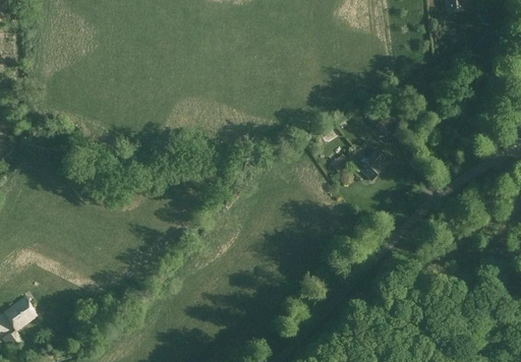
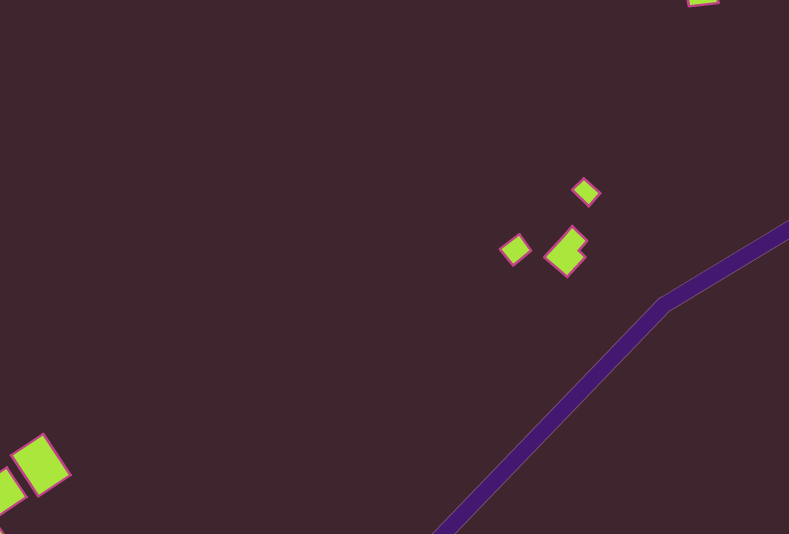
building: none -> [11,434,71,496]

